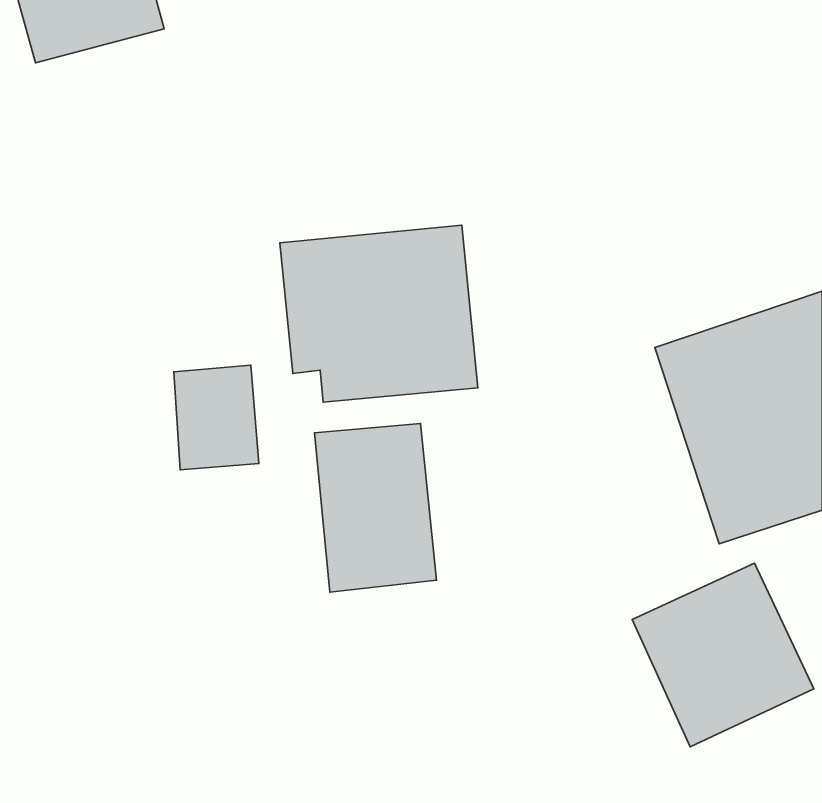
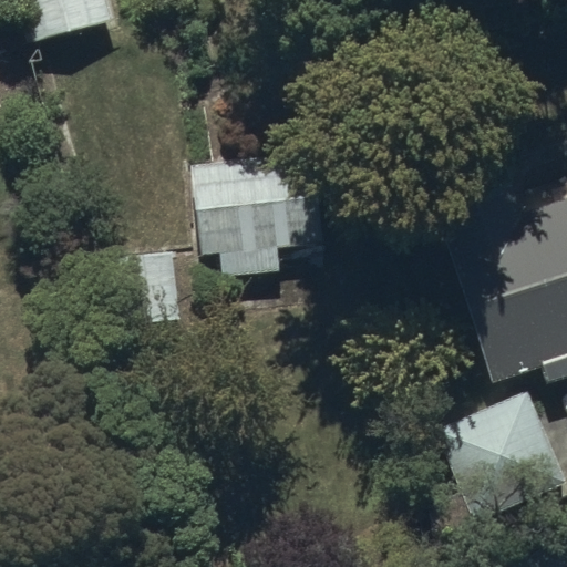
building: [314,423,436,592] -> none

